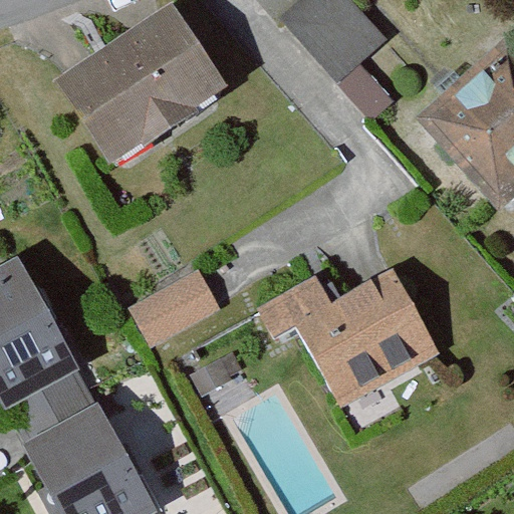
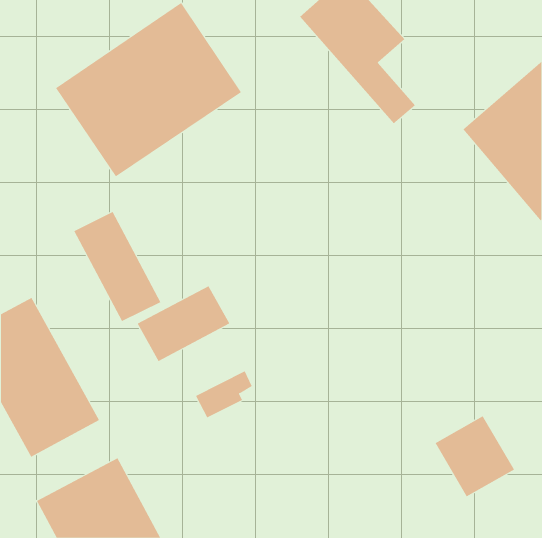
building: none -> [74,211,161,322]
building: [263,273,439,407] -> none
building: none -> [435,415,515,497]

